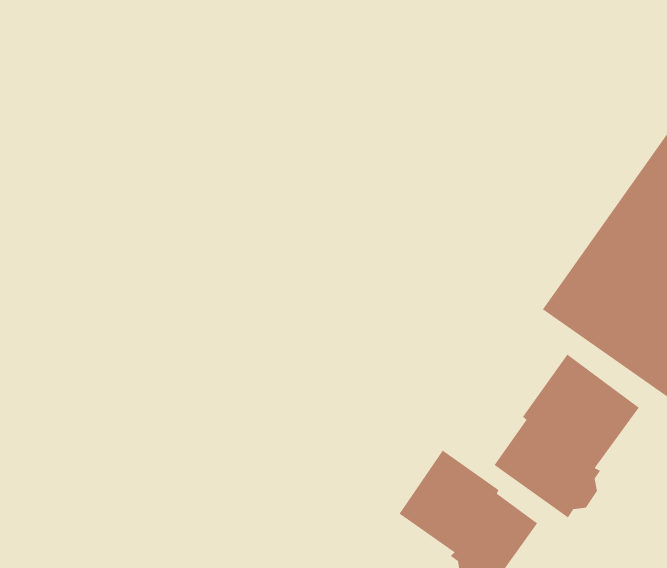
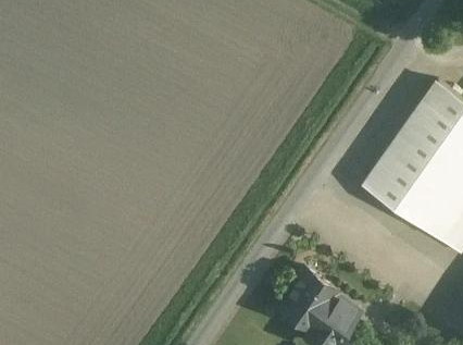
building: [494,353,640,518] -> none

